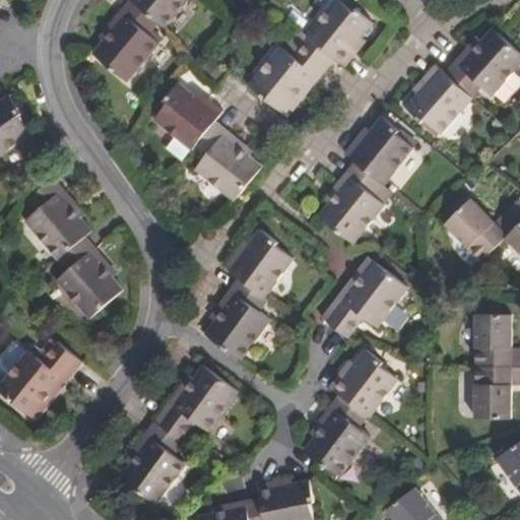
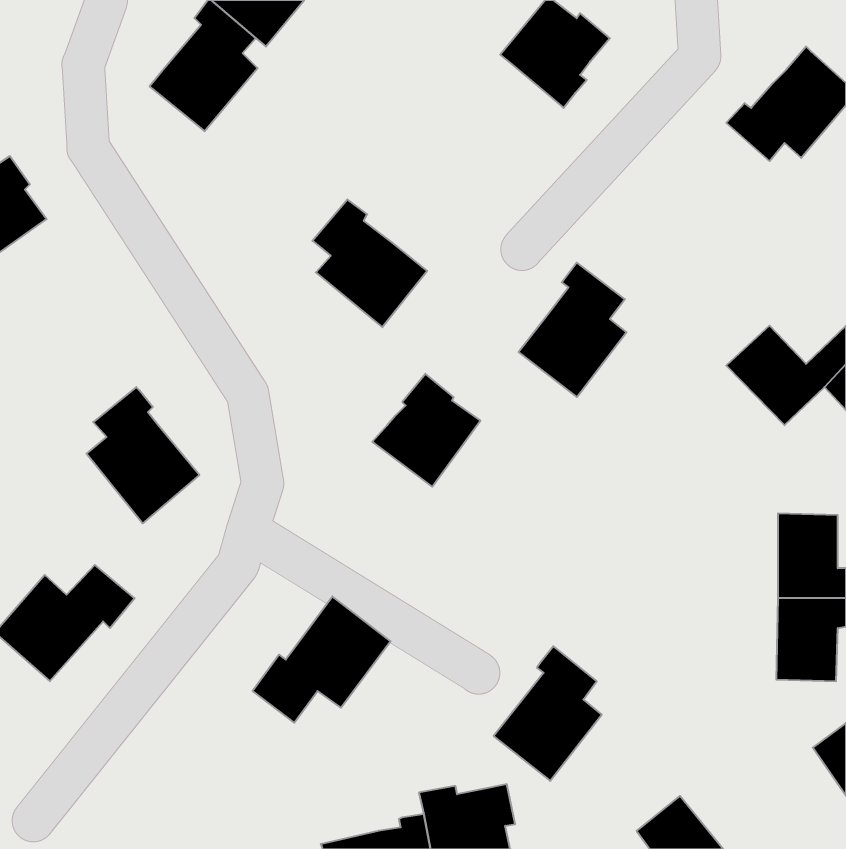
building: [249,38,336,116] -> none
building: [403,66,471,134] -> none
building: [152,82,221,150] -> none
building: [343,116,412,185] -> none
building: [25,177,91,258] -> none
building: [321,259,406,336] -> none
building: [206,270,268,360] -> none
building: [327,349,395,417] -> none
building: [121,422,186,505] -> none

